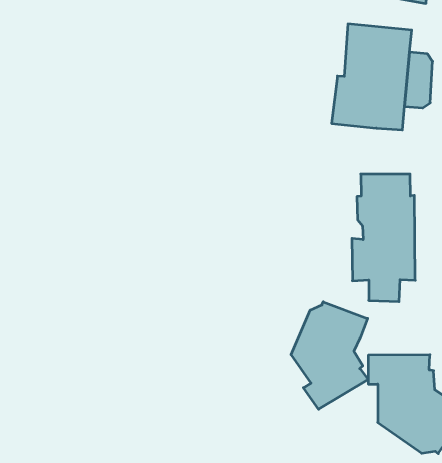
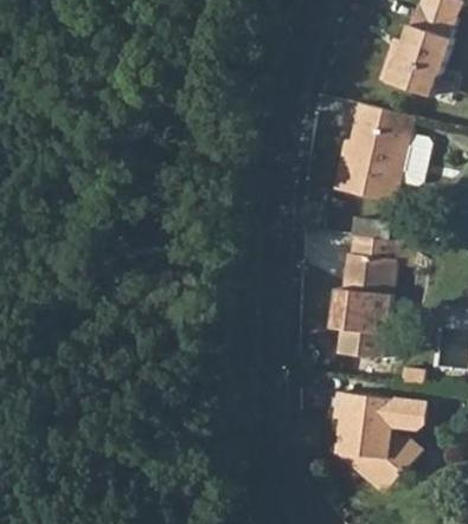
building: [291,302,368,409] -> none

